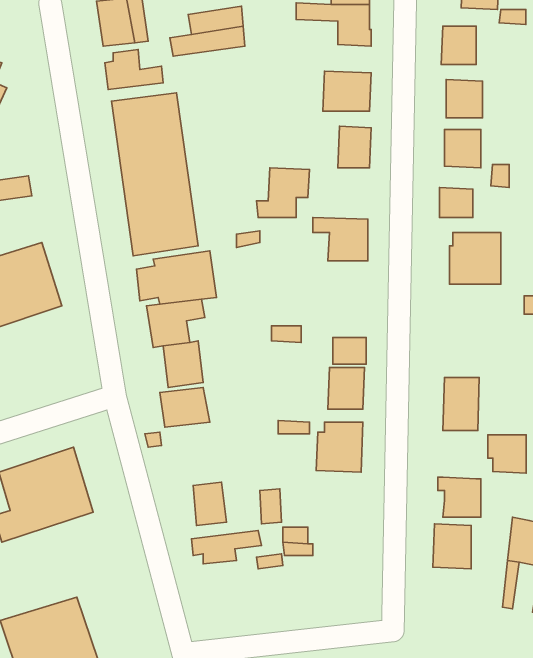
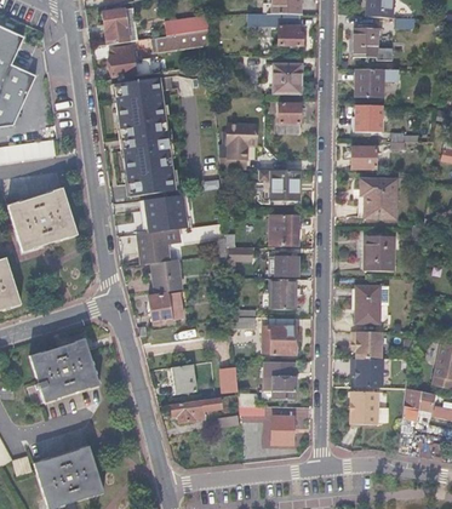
building: none -> [270,216,299,246]
building: none -> [364,236,395,271]
building: [488,435,526,473] -> [350,332,378,360]
building: none -> [263,361,296,401]
building: none -> [271,417,292,445]

